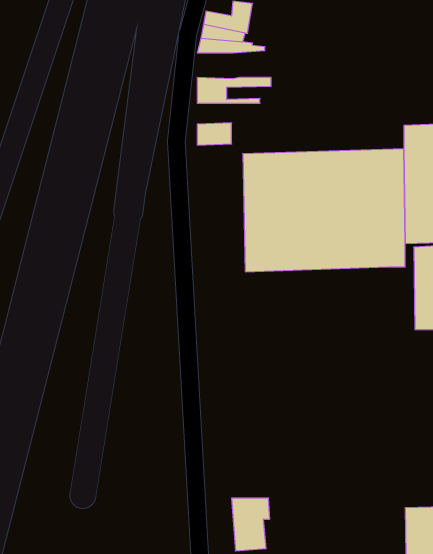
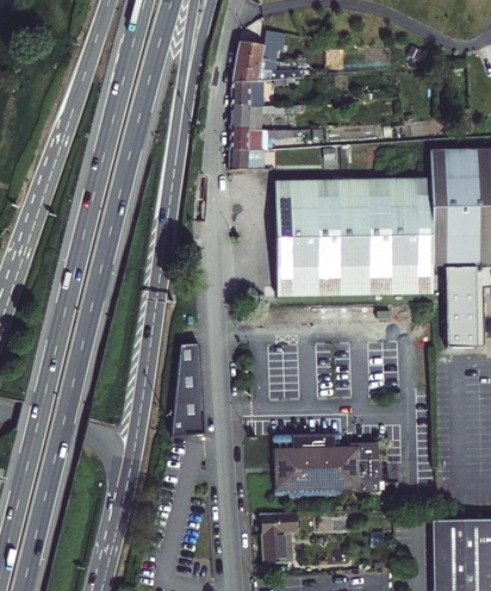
building: none -> [231,81,266,106]
building: none -> [231,130,281,150]
building: none -> [170,344,204,437]
building: none -> [278,441,384,494]

